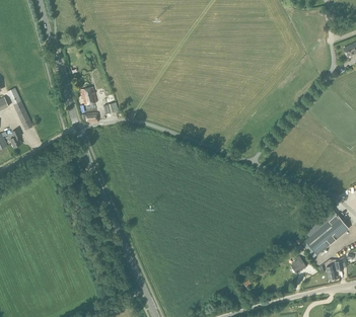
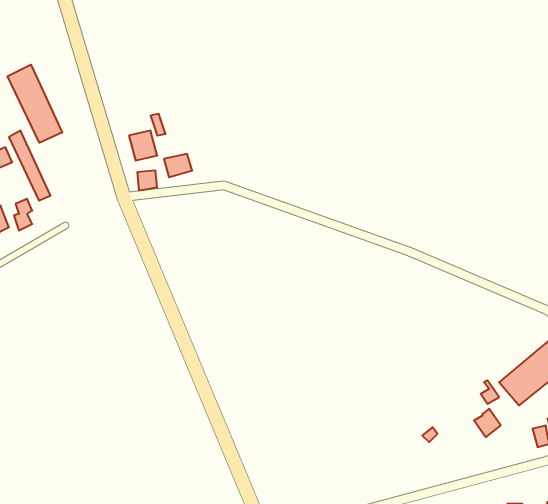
building: none -> [8,65,62,143]

